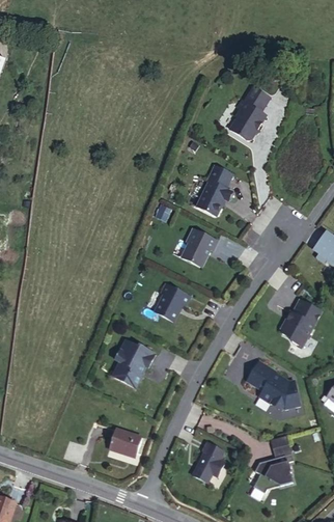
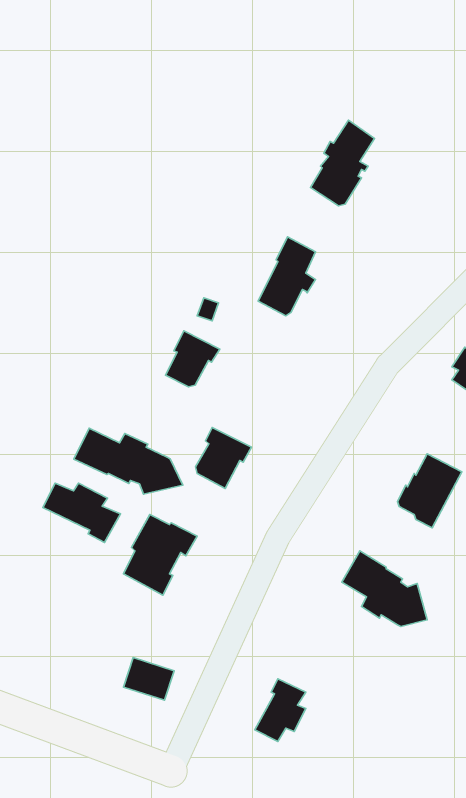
building: [184,229,218,265] -> [166,331,220,387]
building: none -> [74,428,183,494]
building: none -> [43,483,120,542]
building: [253,440,290,492] -> none

